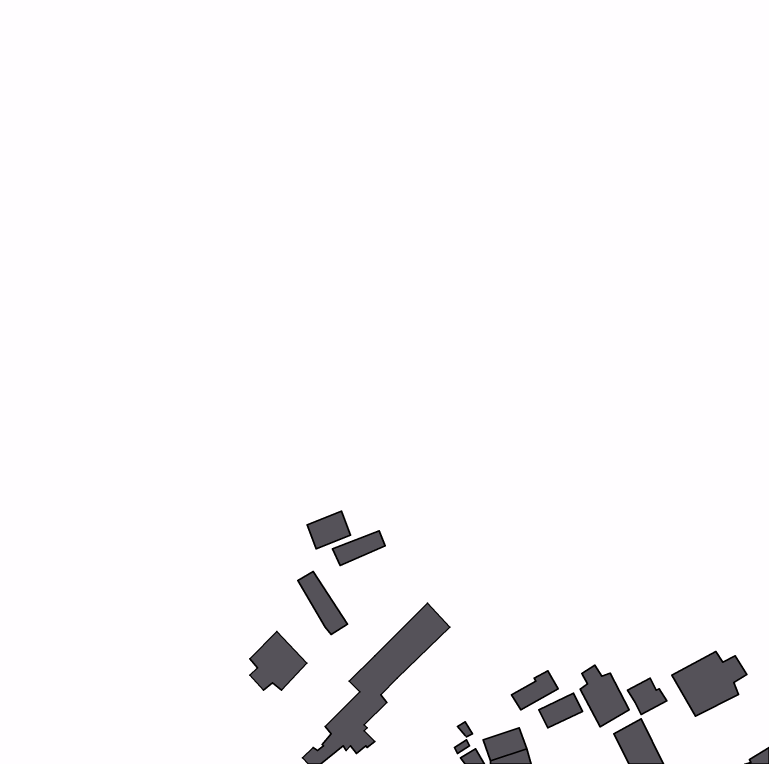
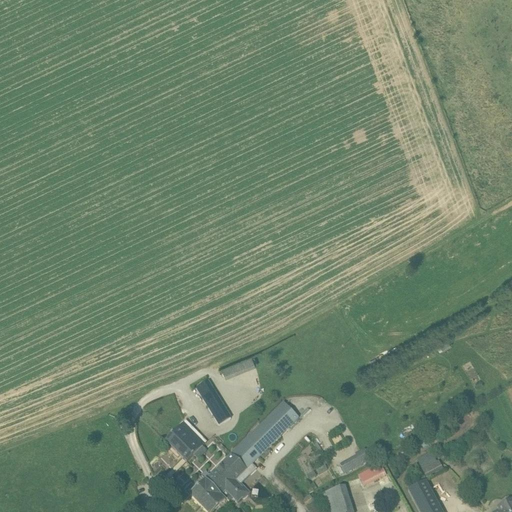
building: [307,511,350,549] -> none
building: [672,652,747,716] -> none
building: [580,665,629,727] -> none
building: none -> [190,453,239,504]

